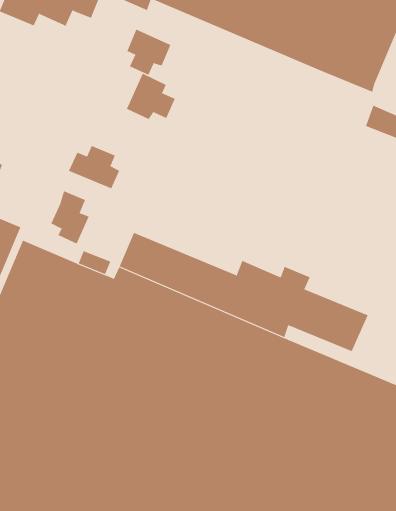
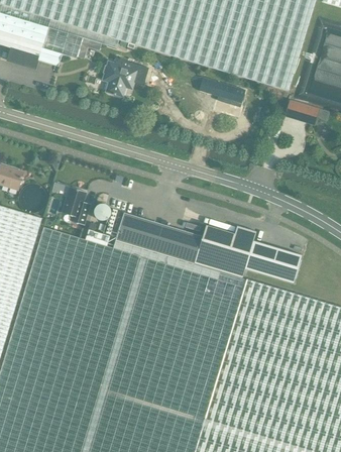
building: [126,73,176,120] -> none
building: [68,145,120,189] -> none

